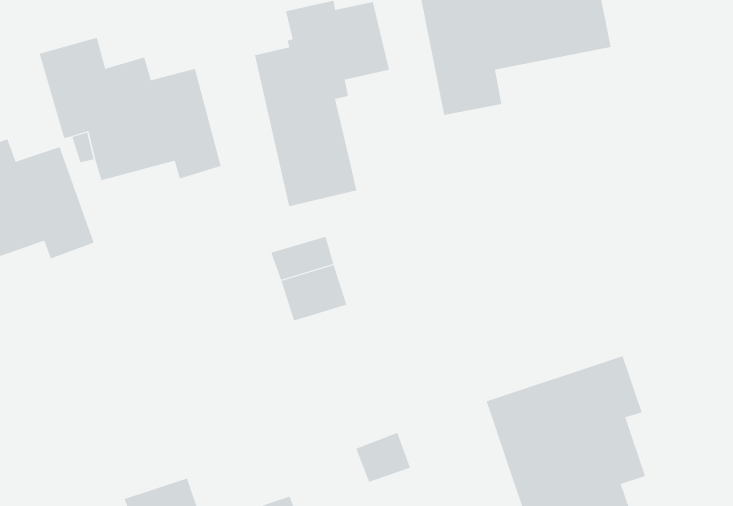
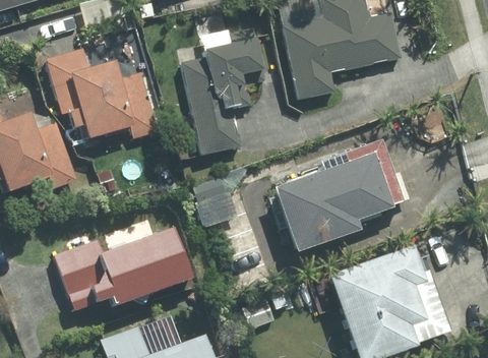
building: none -> [271,156,389,254]
building: none -> [55,229,190,310]

